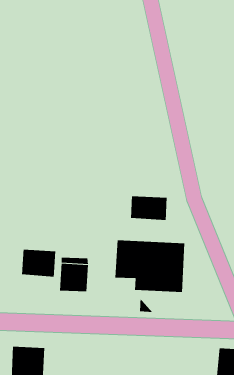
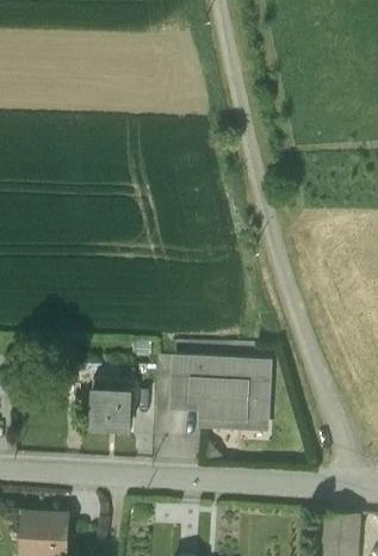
building: [130,196,167,221] -> none
building: [22,249,56,277] -> none

